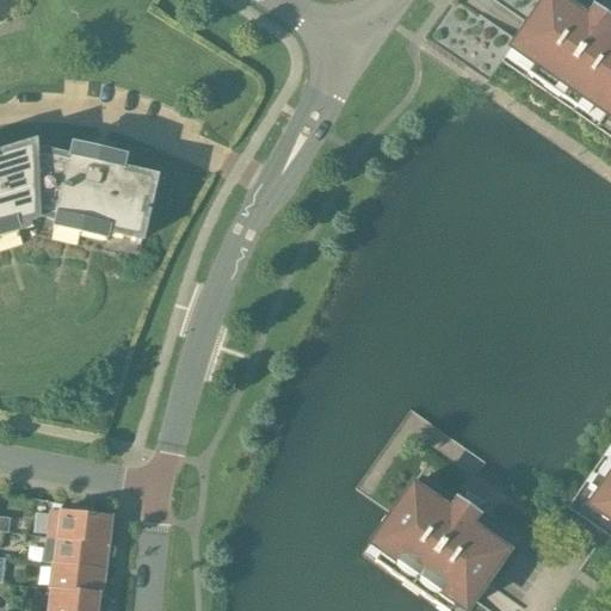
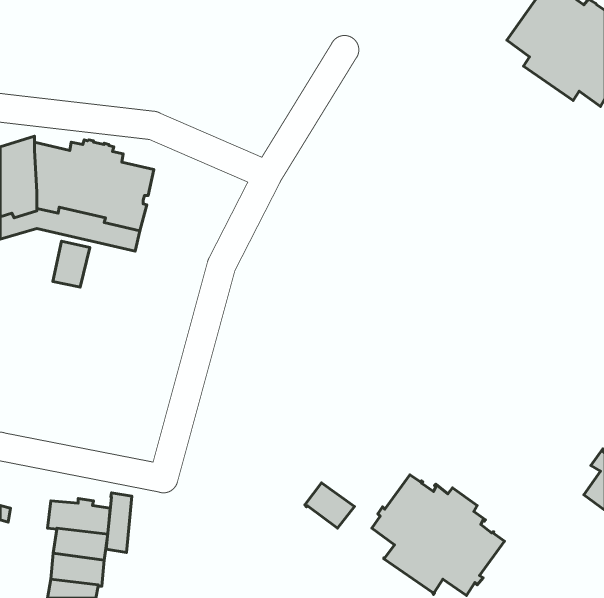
building: none -> [53,241,90,287]
building: none -> [305,483,354,528]
building: none -> [106,493,132,553]

